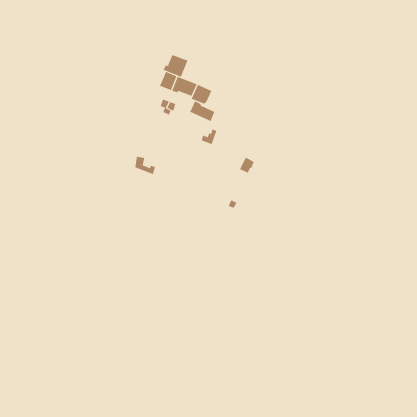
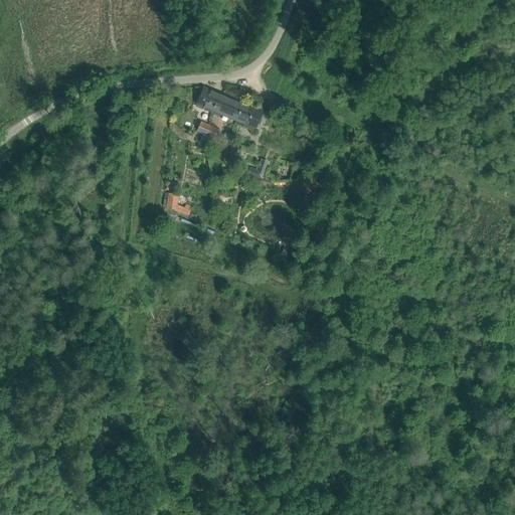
building: [163,53,188,77] -> none
building: [189,101,216,122] -> none

